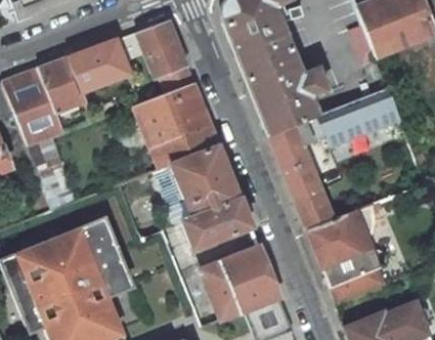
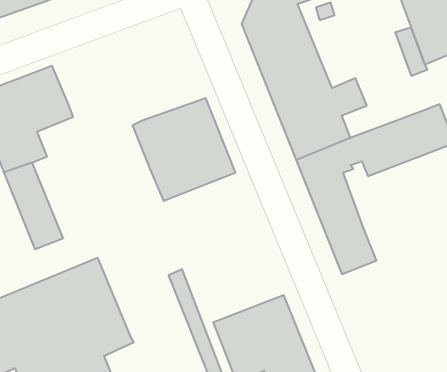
building: [137,18,195,92] -> none
building: [69,39,131,90] -> none
building: [157,144,253,248] -> none
building: [308,205,381,303] -> none

